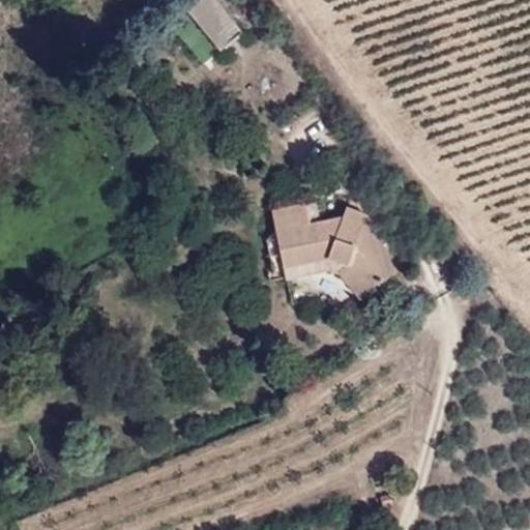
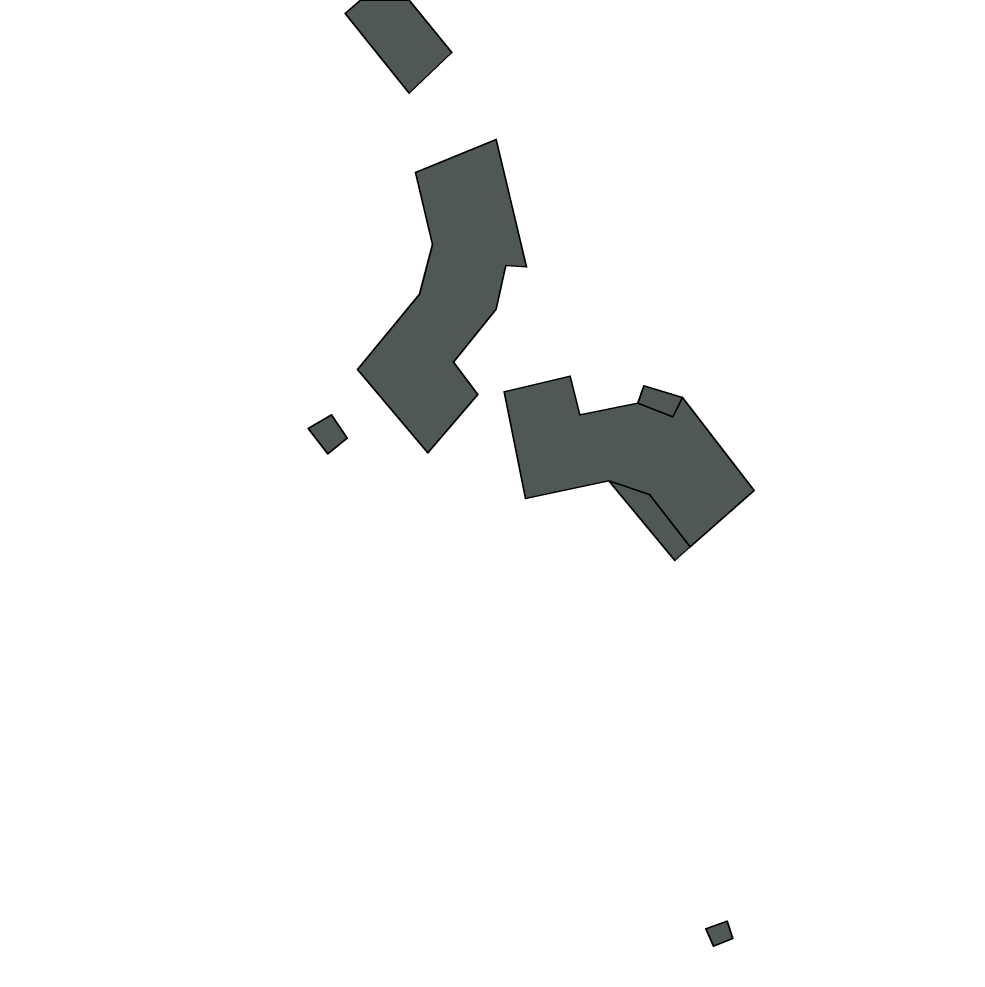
building: none -> [358,139,526,453]

